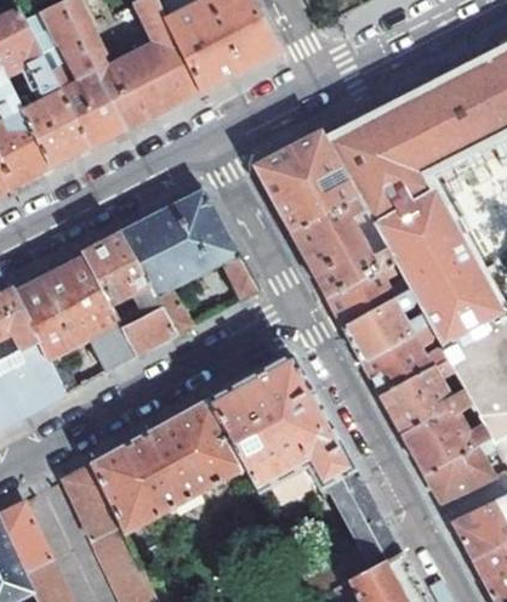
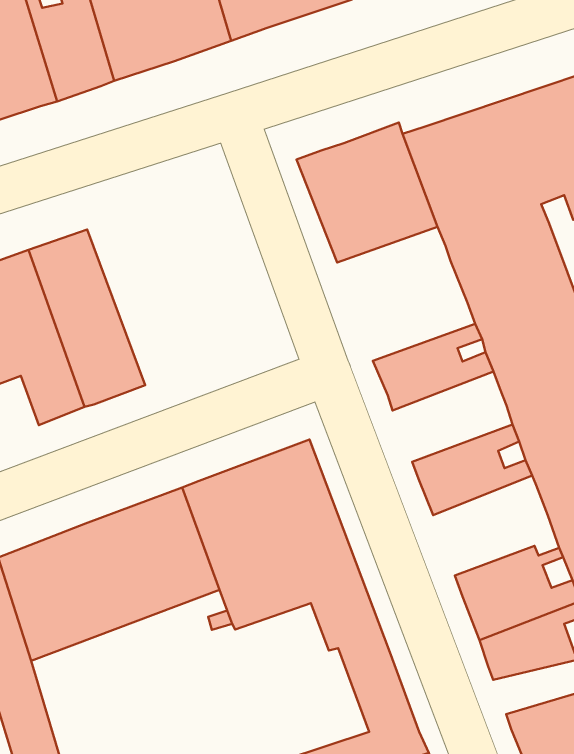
building: [119,192,255,334] -> none
building: [291,198,391,295] -> none
building: [343,290,426,359] -> none
building: [381,357,469,432] -> none

